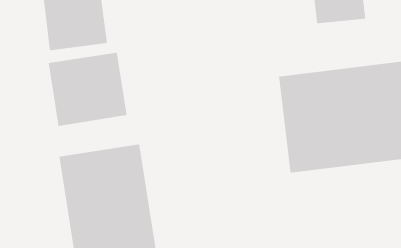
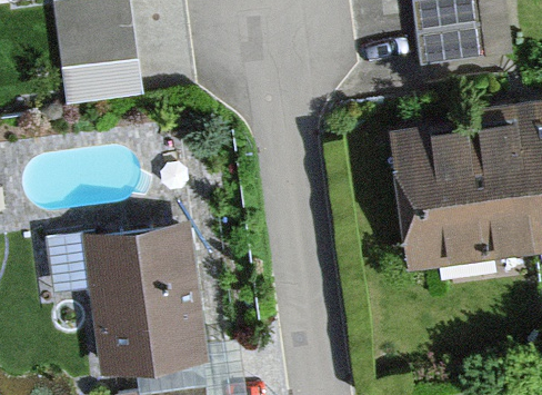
building: [48,52,127,127] -> none

